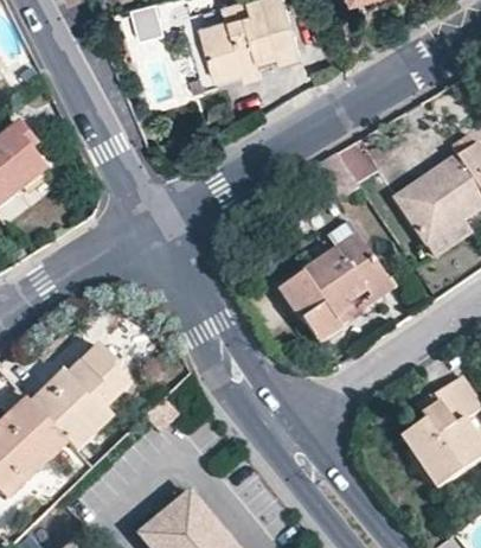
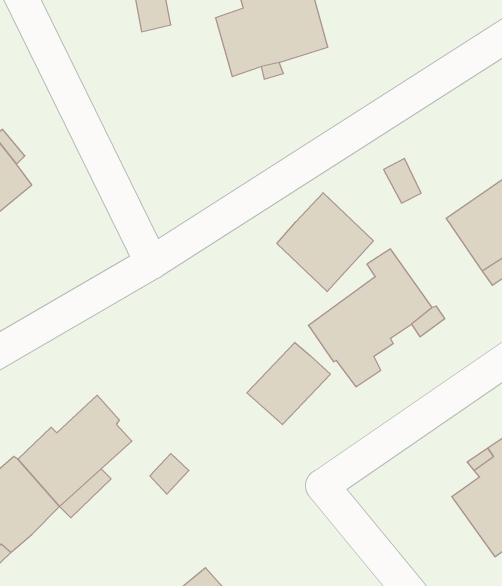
building: none -> [277,193,373,292]
building: none -> [247,342,330,425]

